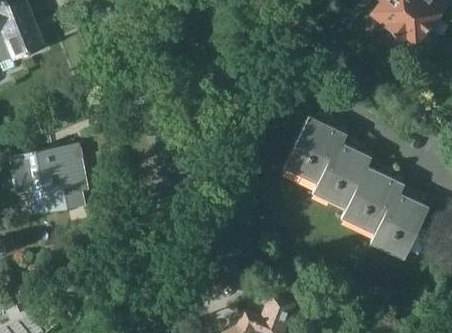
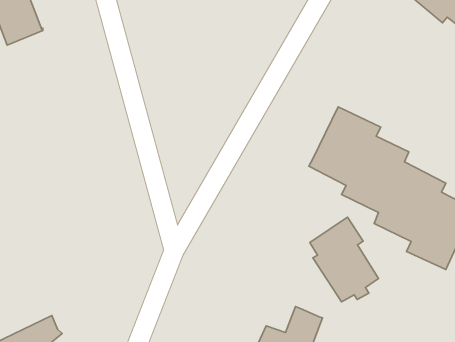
building: [13,144,88,213] -> none
building: none -> [310,217,379,302]

